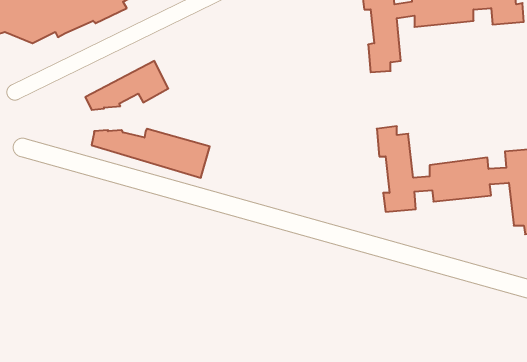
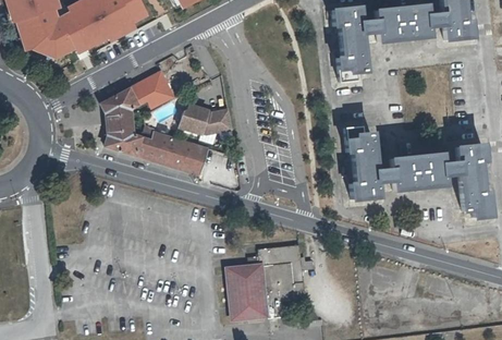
building: none -> [180,105,232,134]
building: none -> [105,112,131,134]
building: none -> [226,243,313,317]

